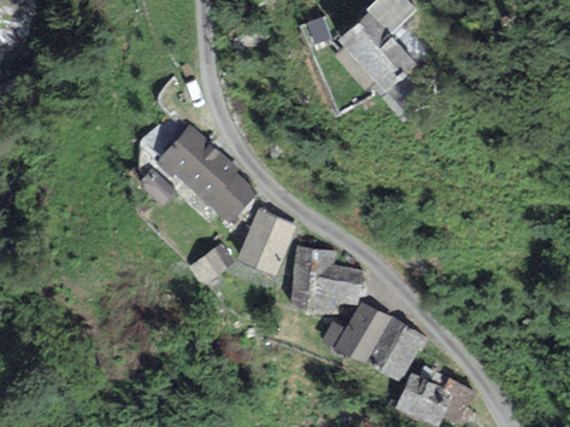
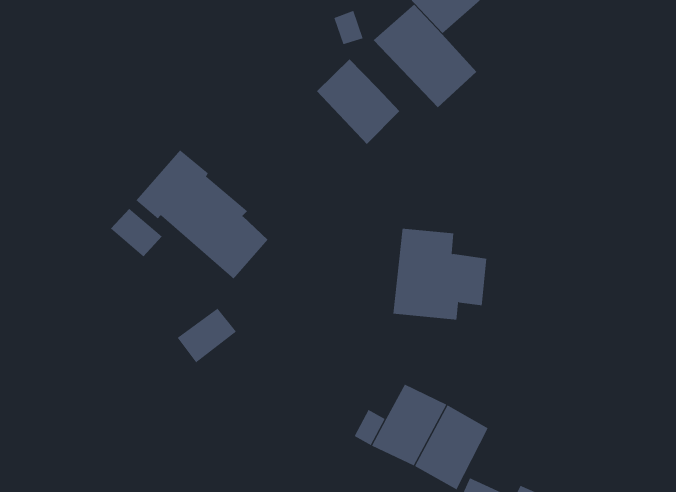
building: none -> [316,59,400,145]
building: [237,207,296,274] -> none
building: [288,245,360,315] -> [392,228,487,320]

